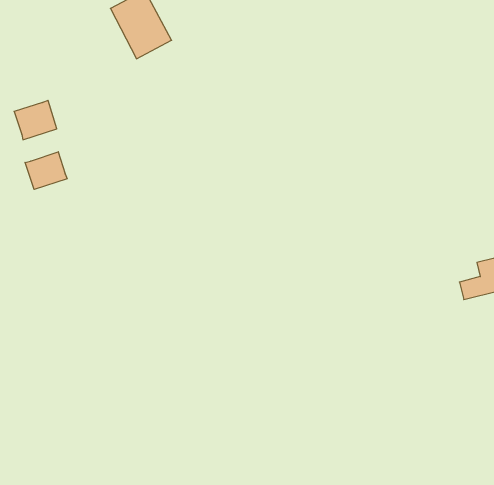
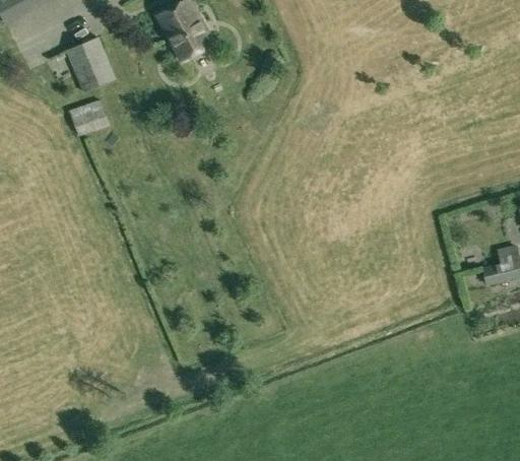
building: none -> [66,36,116,92]
building: [25,152,67,189] -> none

